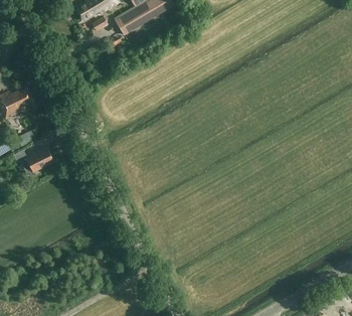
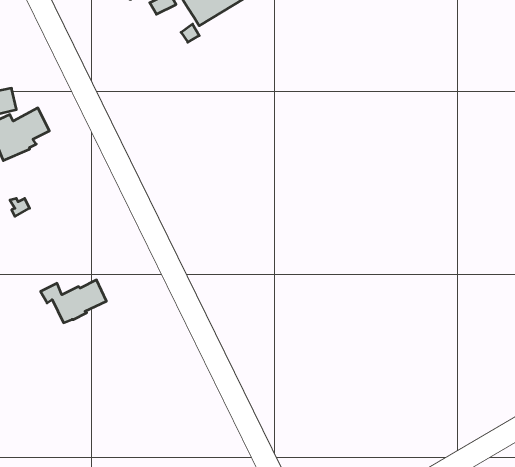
building: [13,147,53,173] -> [41,280,106,323]

